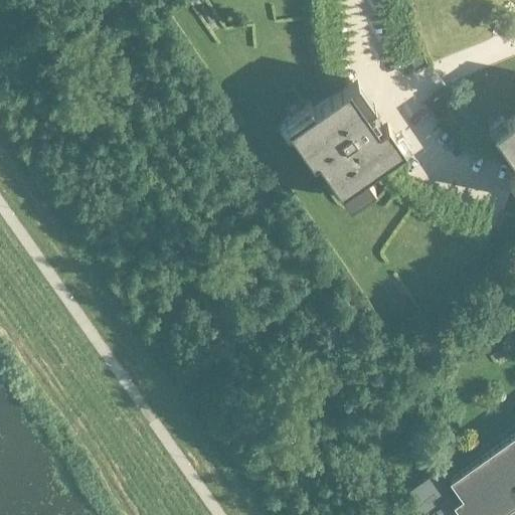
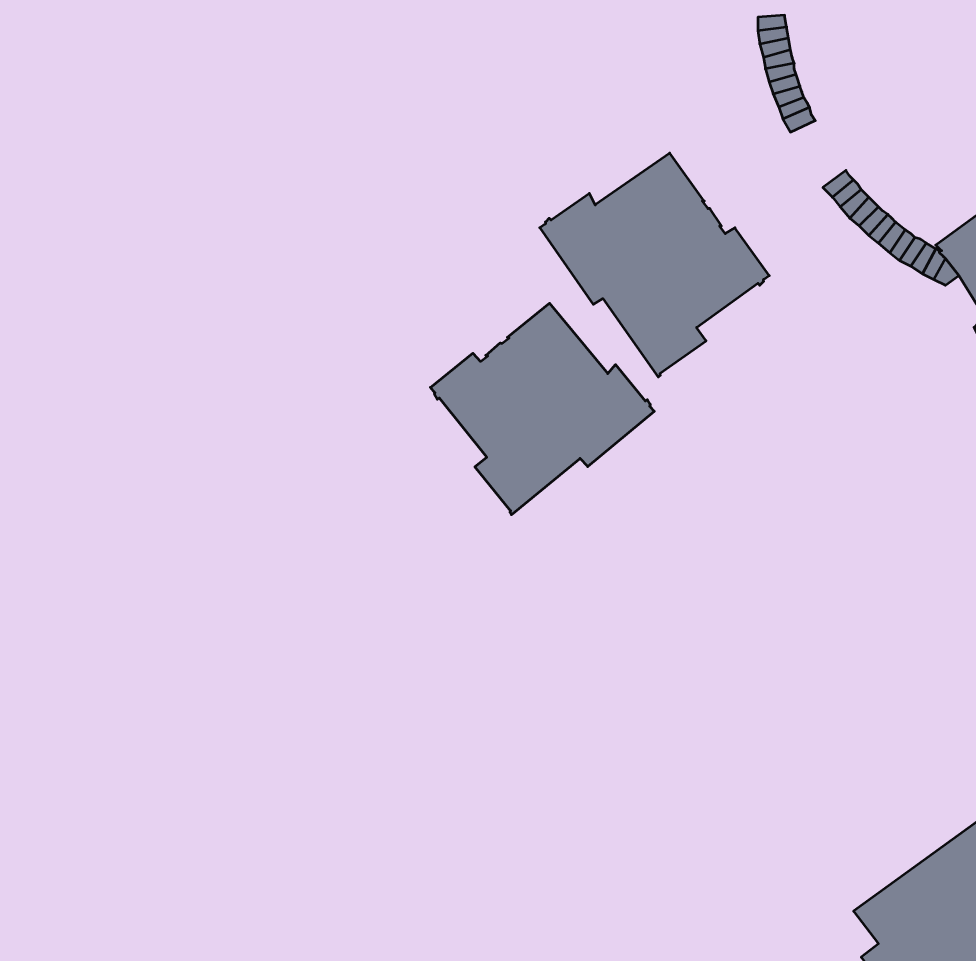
building: none -> [430,303,654,515]

